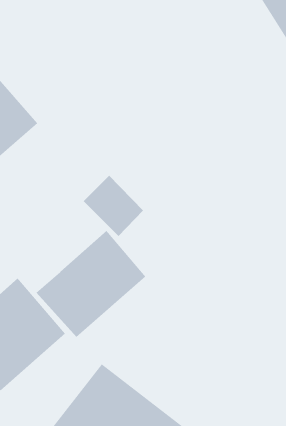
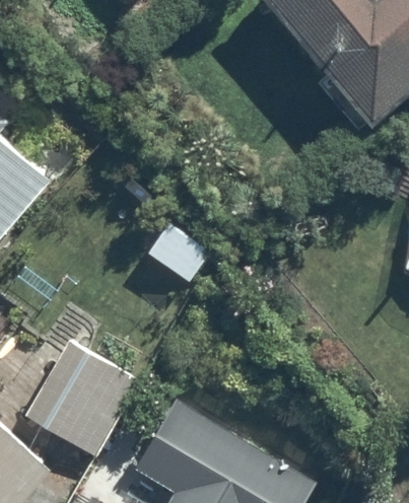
building: [36,230,146,338] -> none

